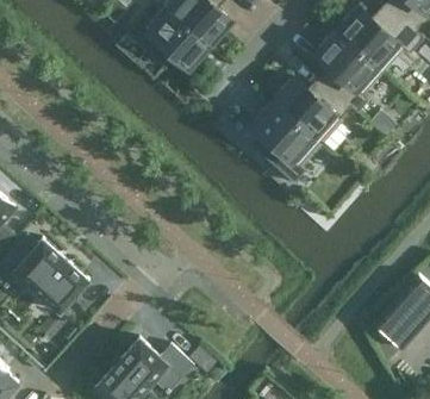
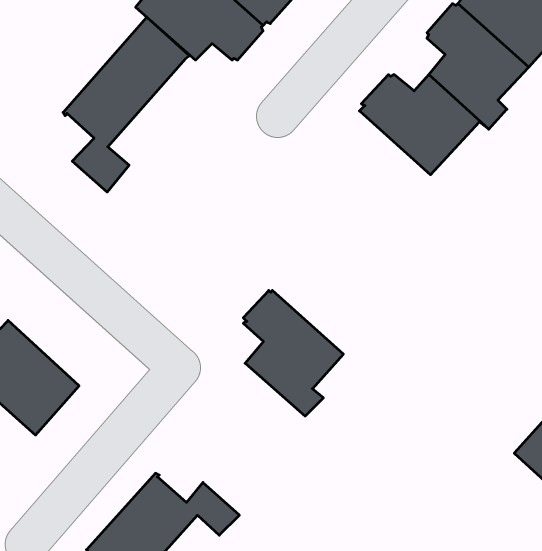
building: none -> [63,17,189,192]
building: [253,101,318,183] -> [243,290,343,416]

